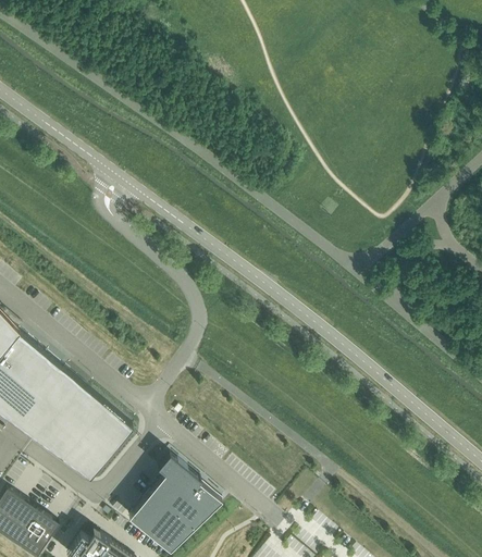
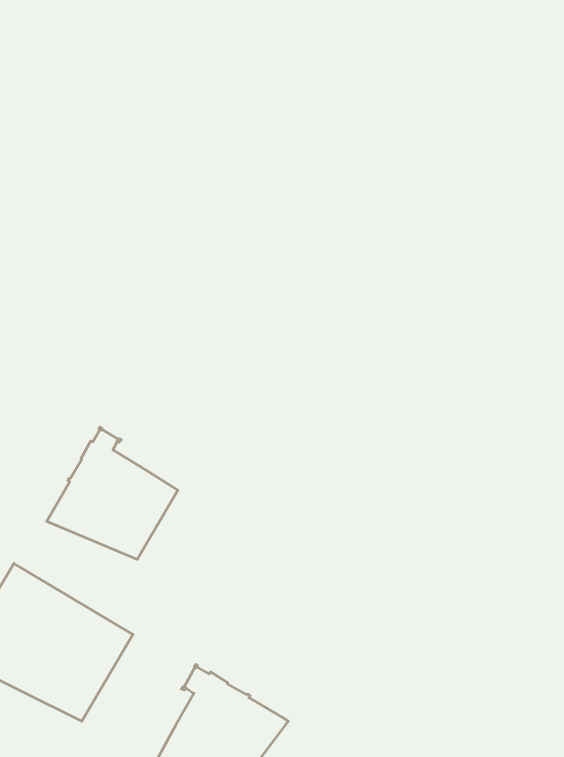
building: none -> [47,427,178,559]

